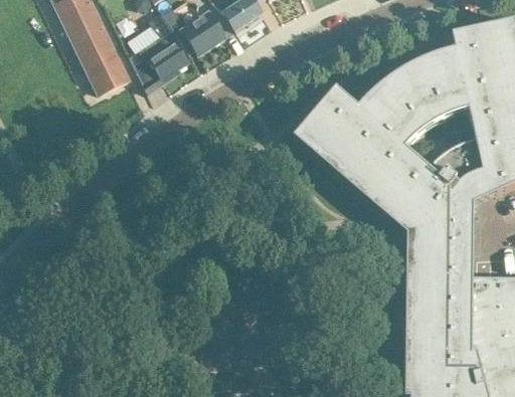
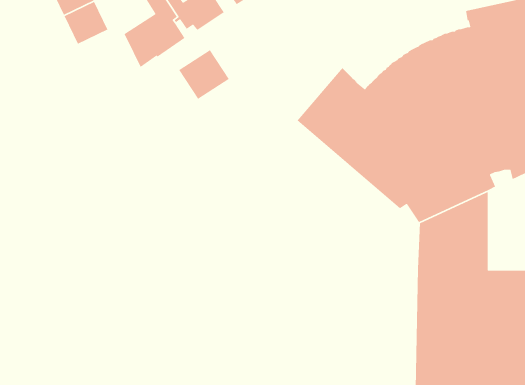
building: [85,52,128,93] -> none
building: none -> [178,49,230,100]

